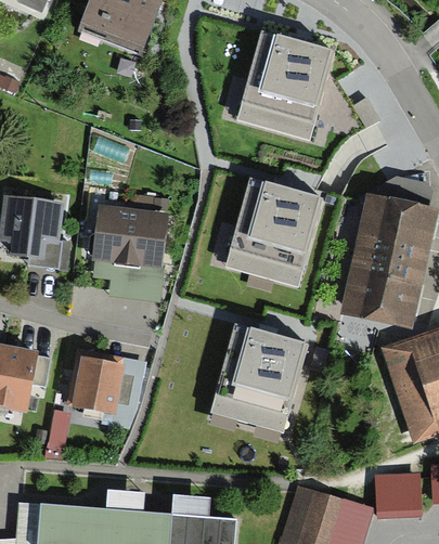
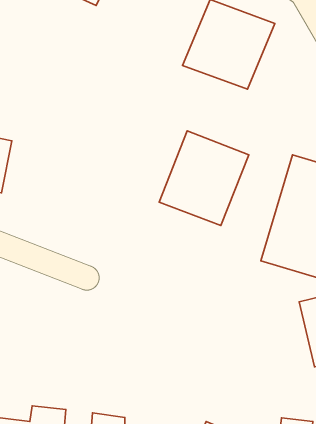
building: [100,211,167,267] -> none
building: [211,324,312,438] -> none
building: [73,358,120,410] -> none

